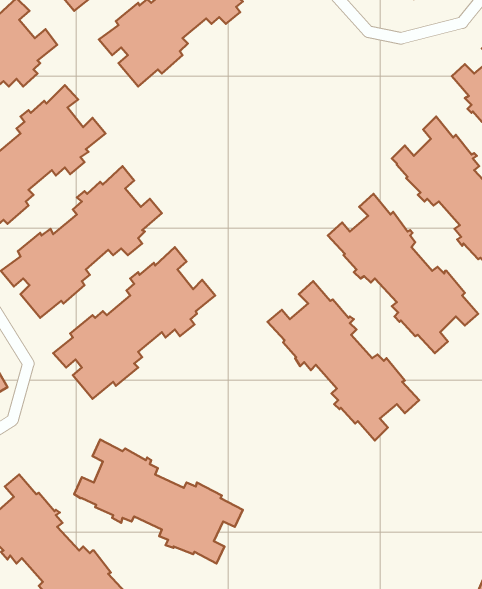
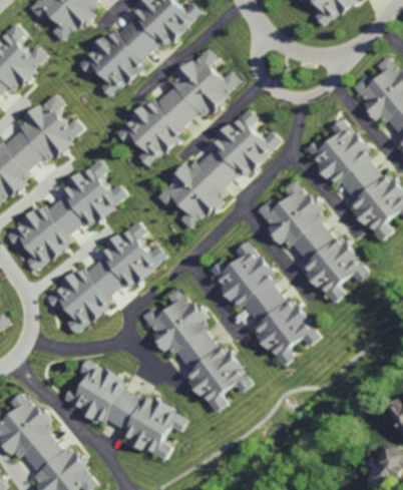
building: none -> [117,48,242,164]
building: none -> [158,108,282,224]
building: none -> [143,291,259,413]

